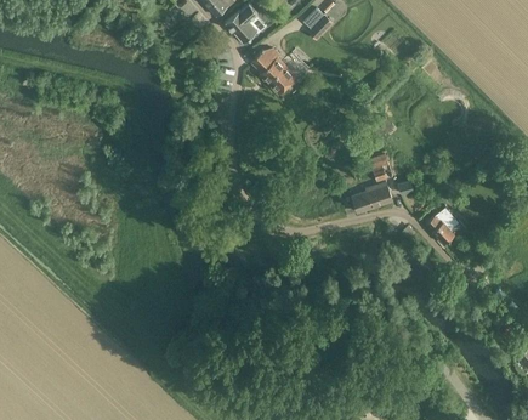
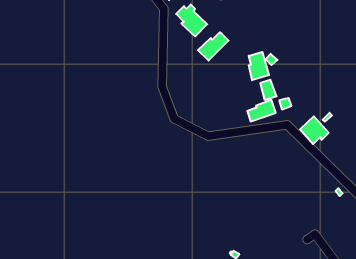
building: none -> [198,32,229,61]
building: none -> [249,52,269,80]

